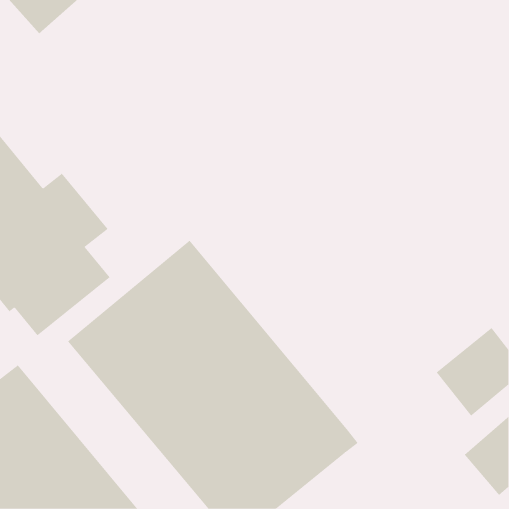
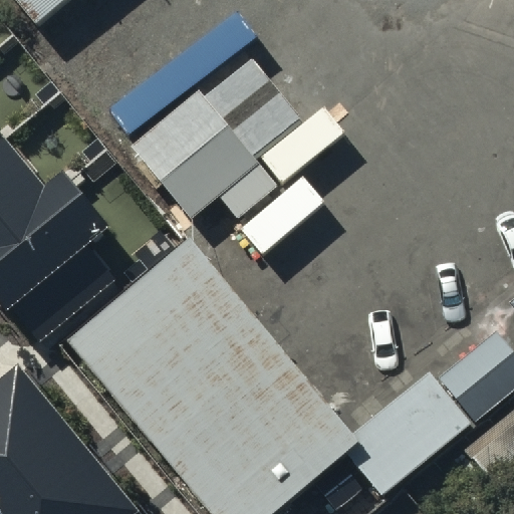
building: none -> [130,62,302,225]
building: none -> [345,367,467,490]

